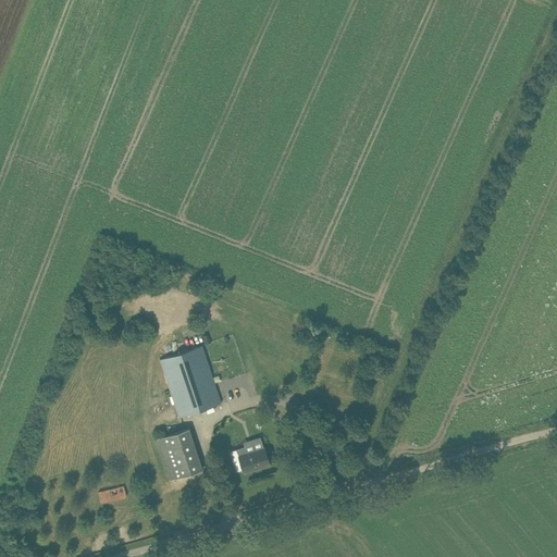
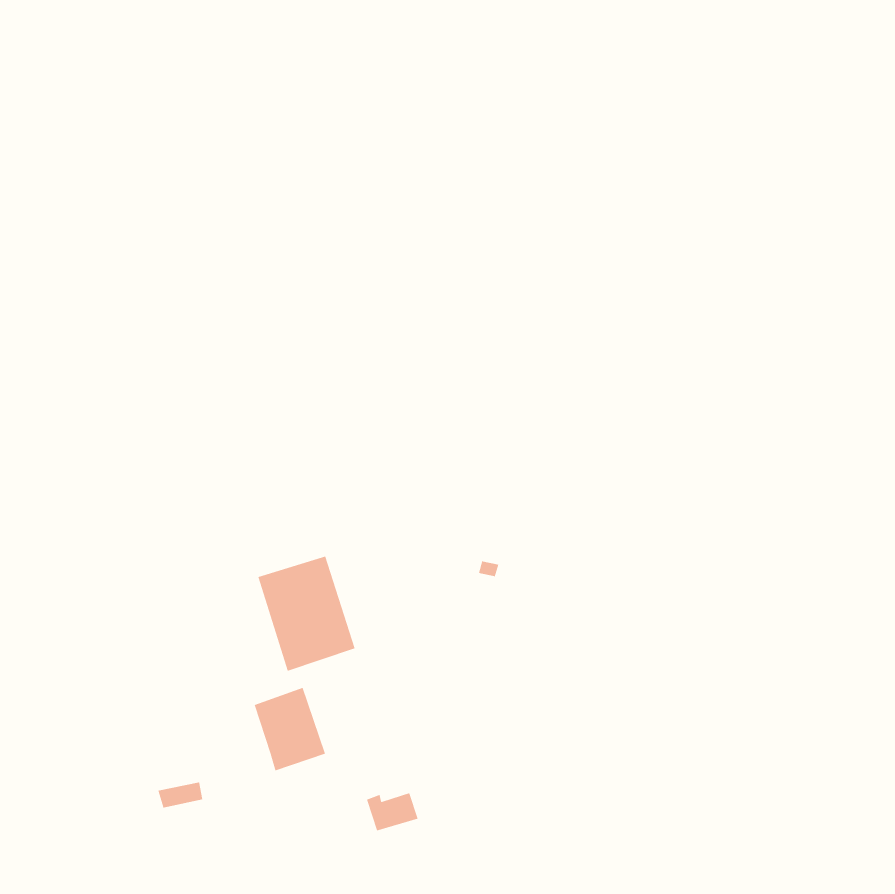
building: [237,448,270,472] -> [366,793,419,831]

